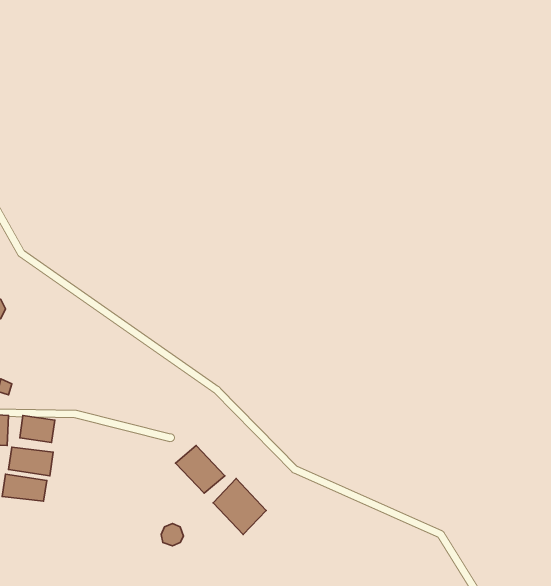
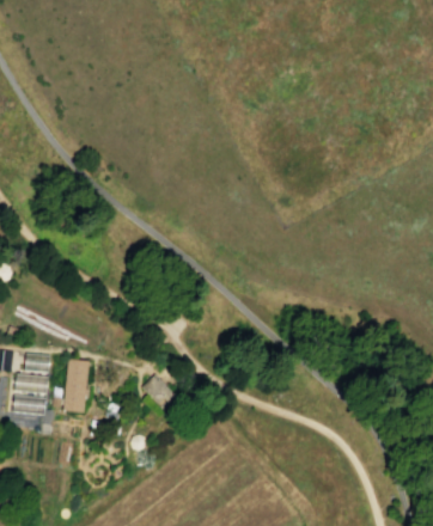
building: none -> [63,360,90,412]
building: [213,479,266,534] -> none

